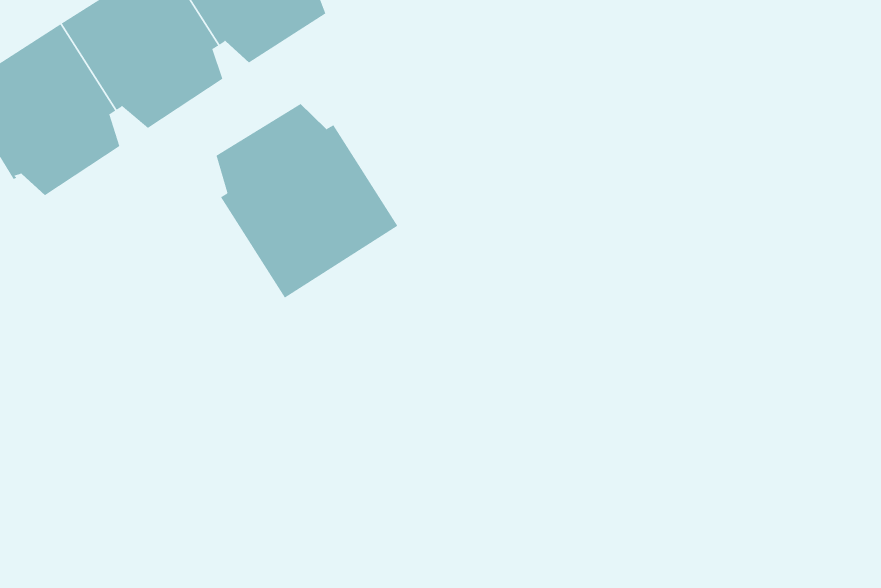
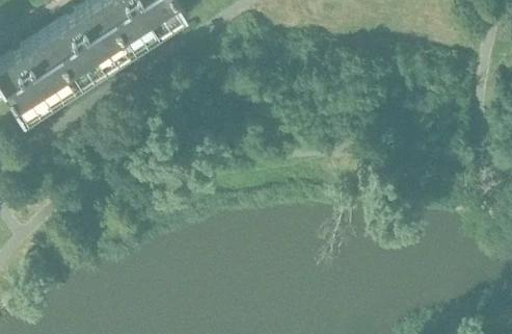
building: [216,103,398,299] -> none

